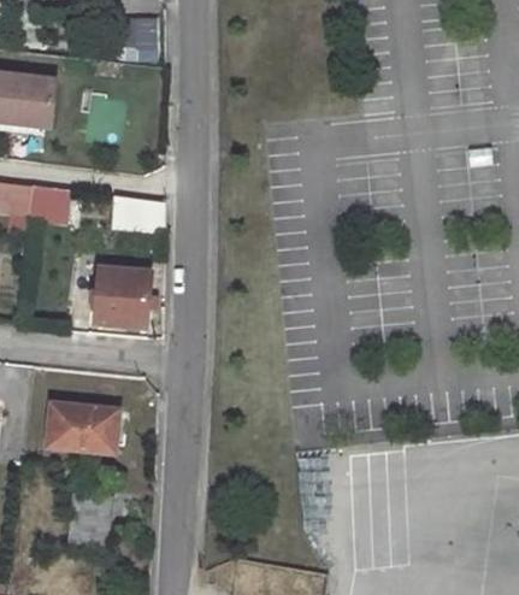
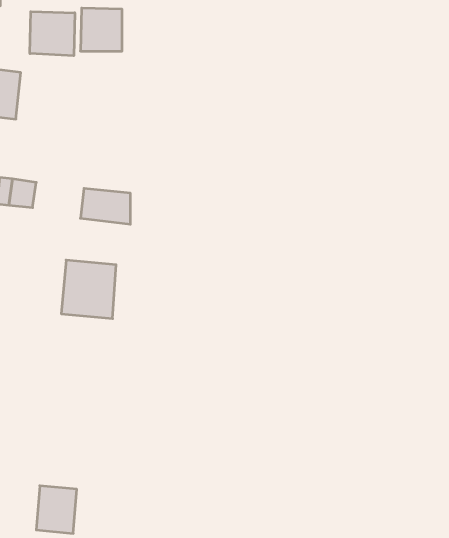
building: none -> [30,12,75,56]
building: [48,402,119,450] -> none

